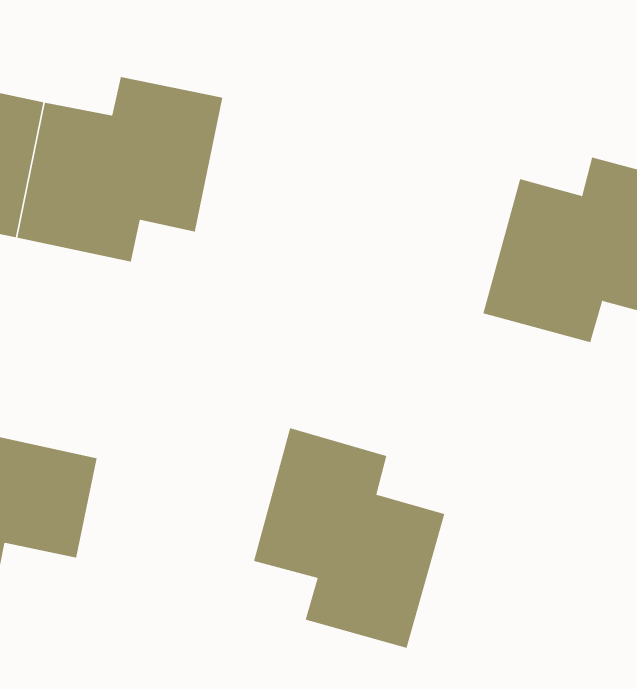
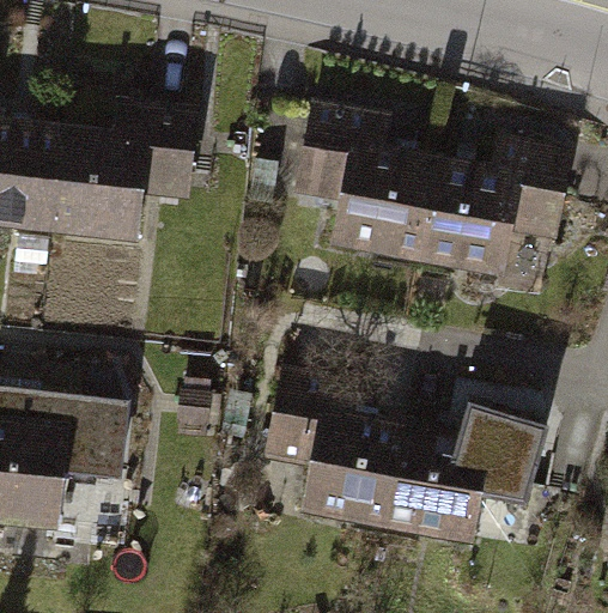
building: none -> [286,95,434,259]
building: none -> [384,396,542,544]

